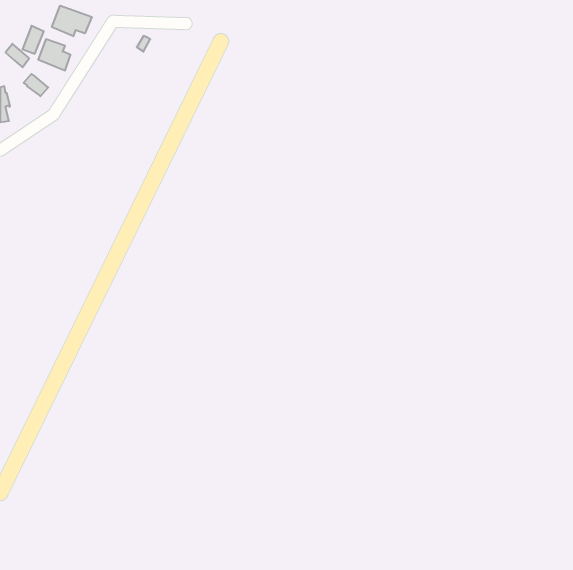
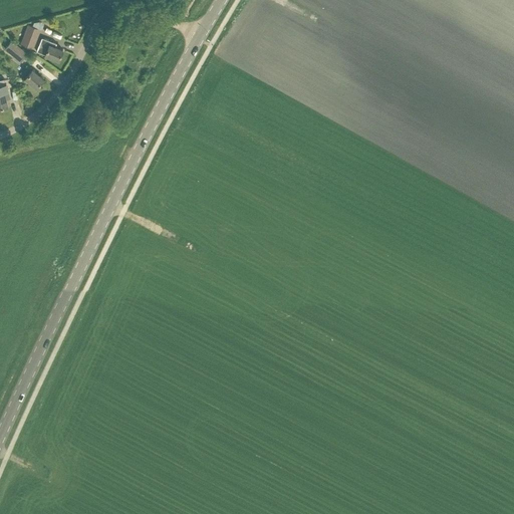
building: [52,6,92,36] -> none

